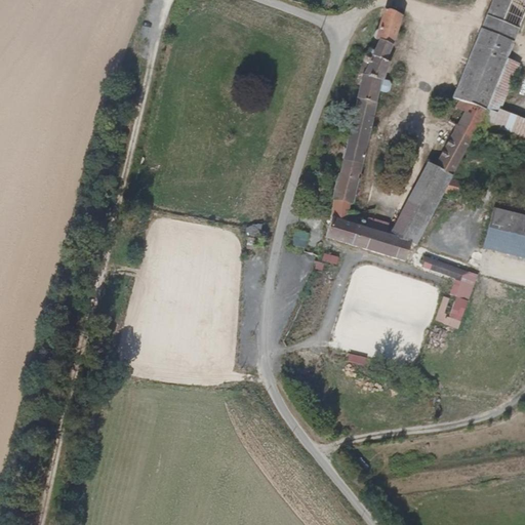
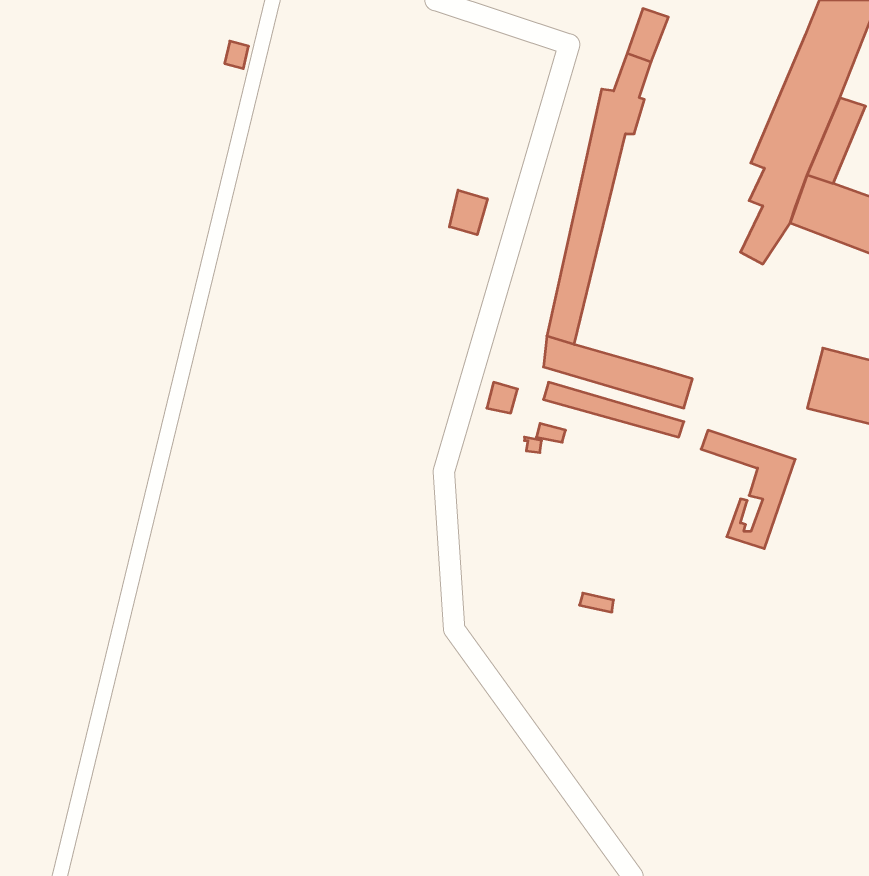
building: none -> [449,190,487,235]
building: [398,148,460,228] -> none

